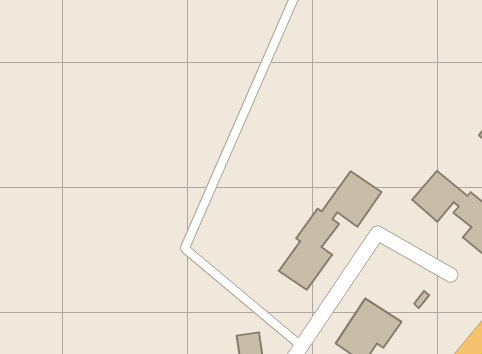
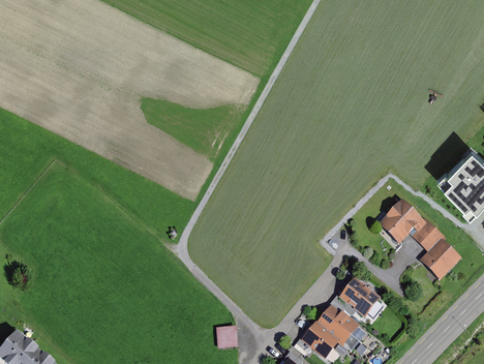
building: [279,171,381,290] -> none
building: none -> [339,278,380,318]

